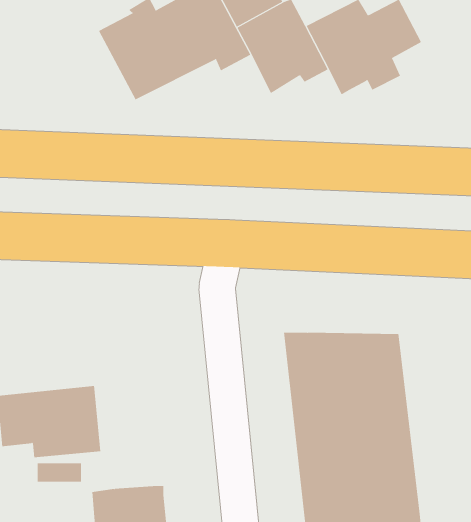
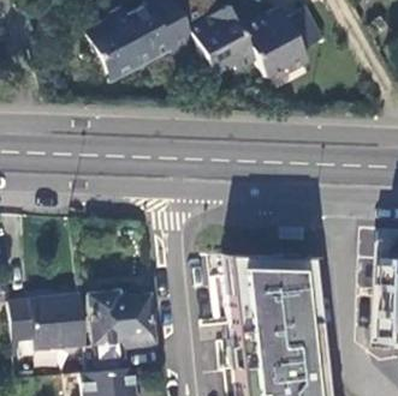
building: none -> [93,290,156,371]

